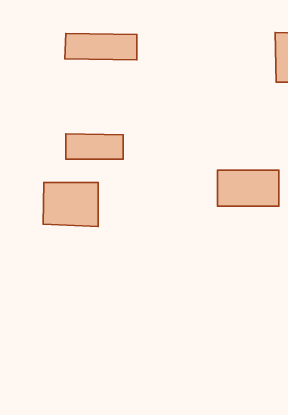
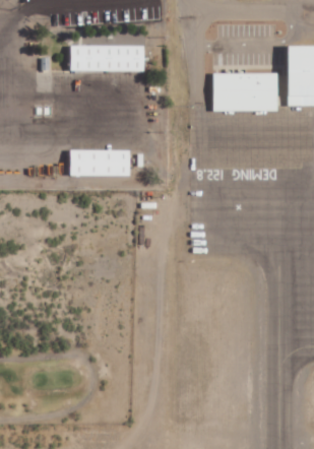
building: [217,170,279,206] -> [212,72,276,110]
building: [43,183,98,227] -> none

